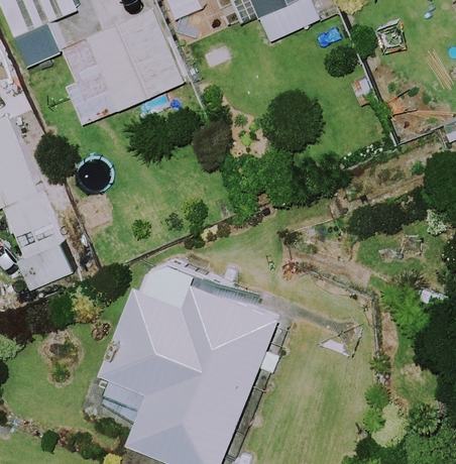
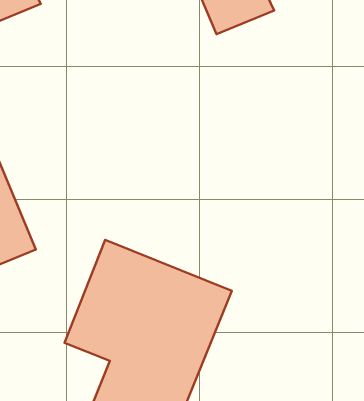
building: [48,9,181,124] -> none

